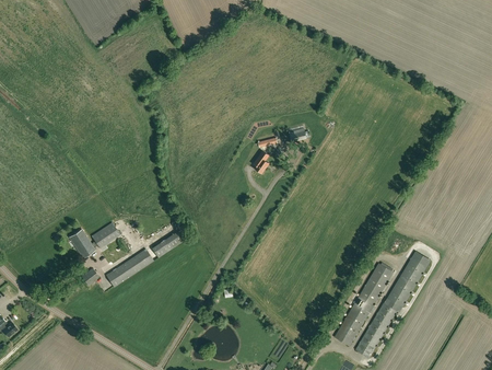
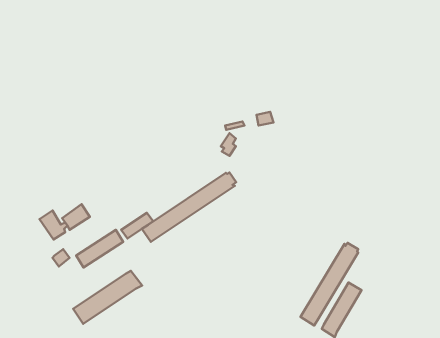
building: none -> [142,172,236,242]
building: [384,251,431,312] -> none
building: none -> [73,271,142,324]

